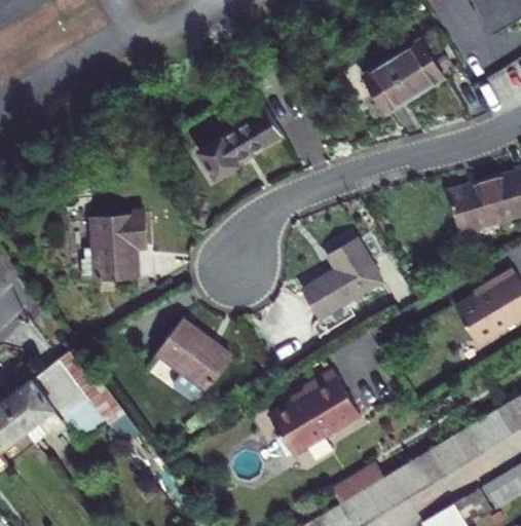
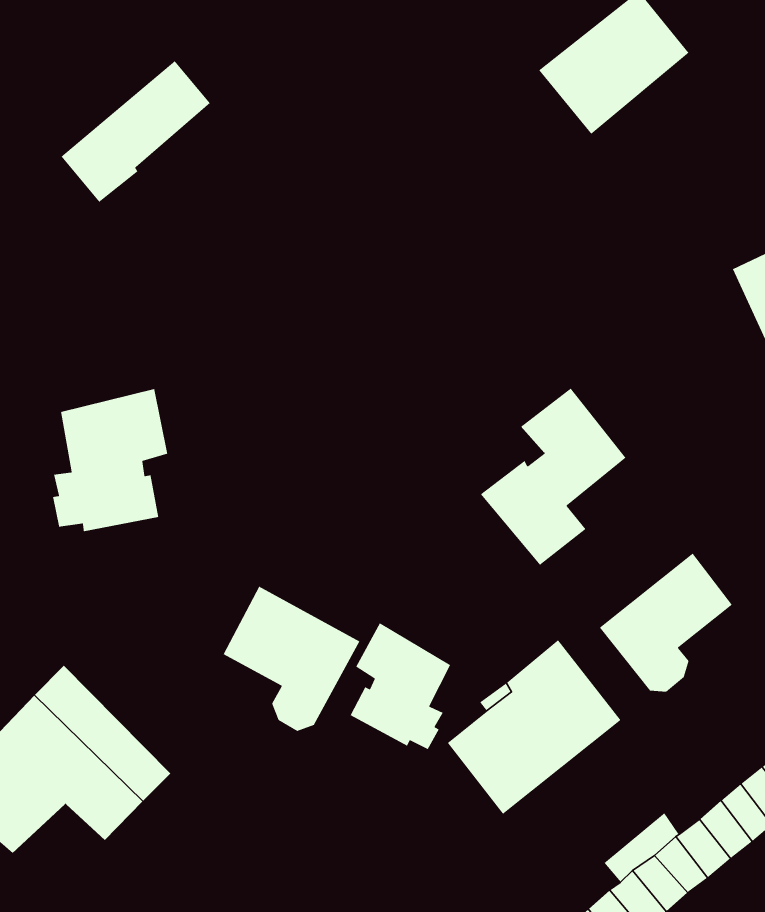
building: [199,111,281,179] -> [61,60,211,203]
building: none -> [599,553,733,692]
building: none -> [349,622,451,750]

